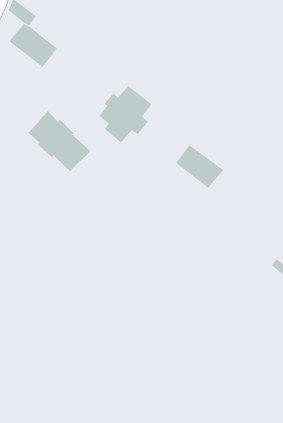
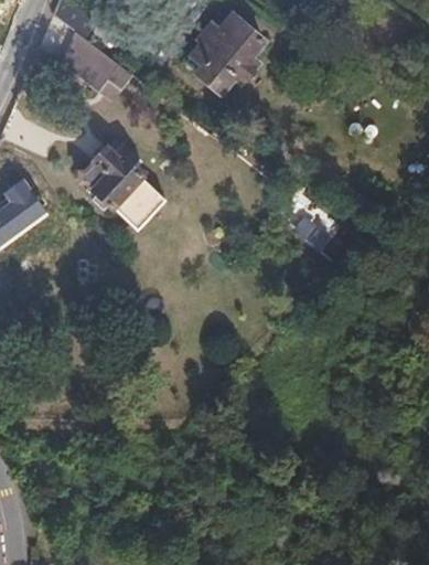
building: [99,85,152,143] -> [192,15,262,93]

